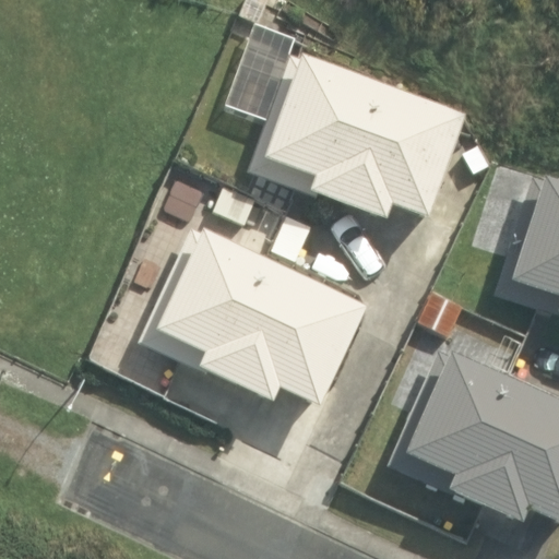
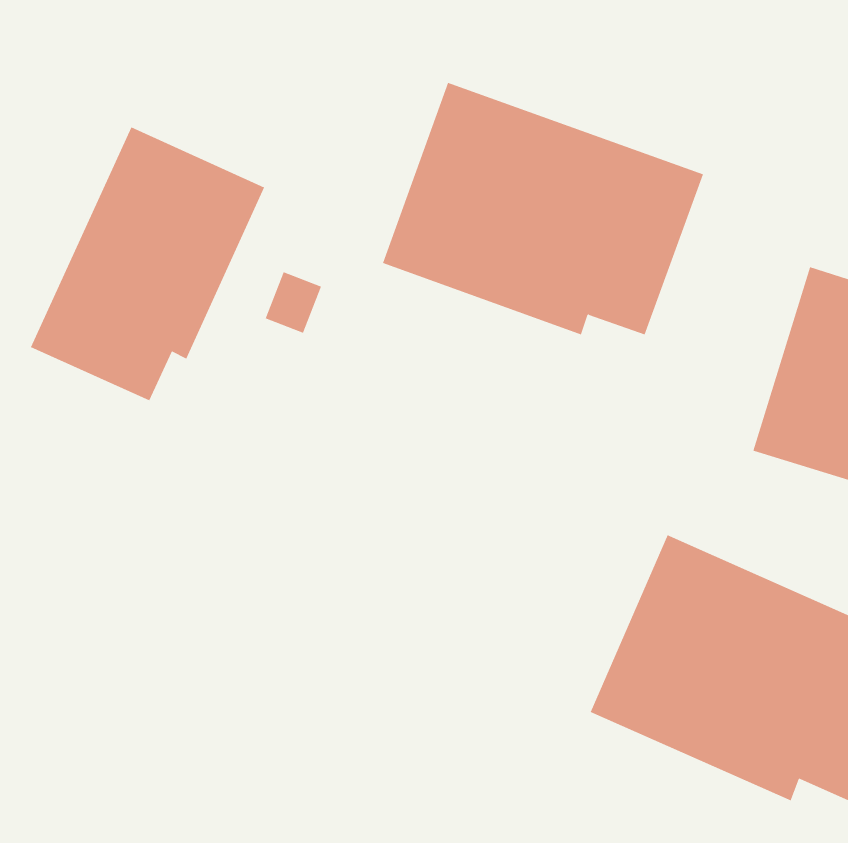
building: none -> [30,126,265,401]
building: [145,227,365,405] -> none

